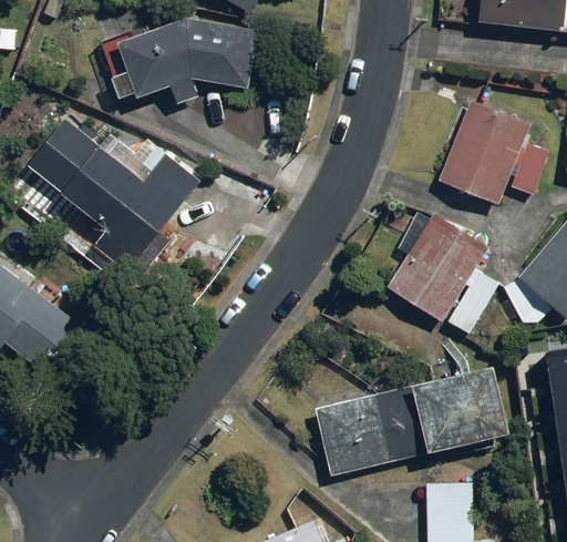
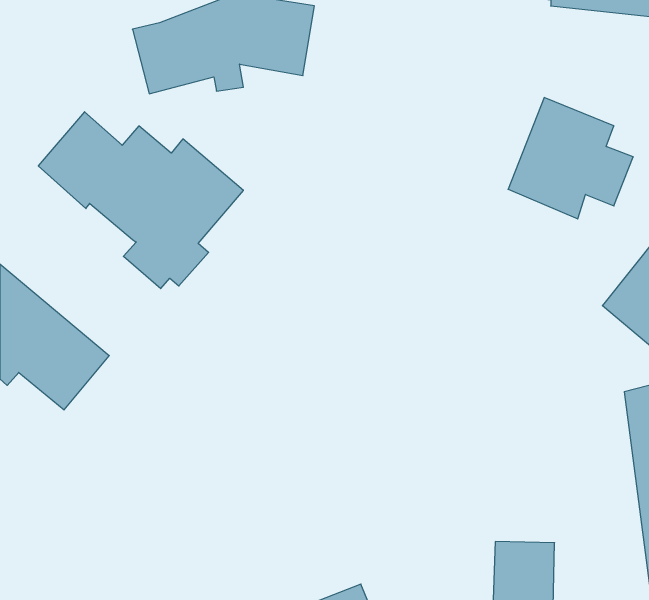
building: [381,211,499,331] -> none
building: [310,370,501,477] -> none

